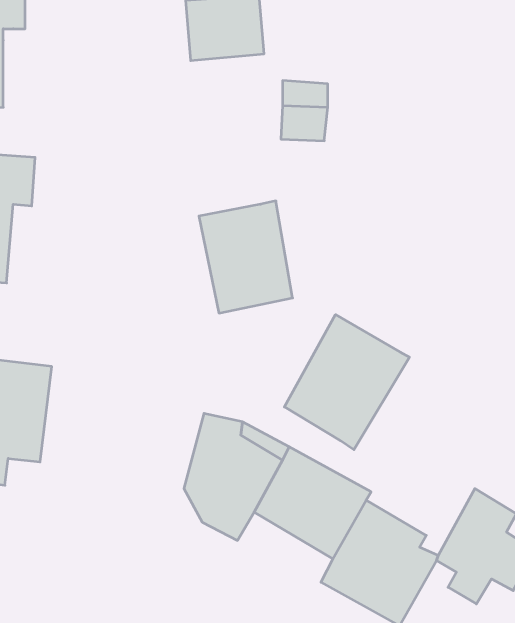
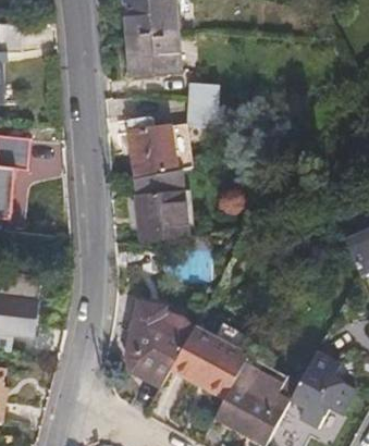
building: none -> [125,116,174,176]
building: [284,315,409,450] -> none

